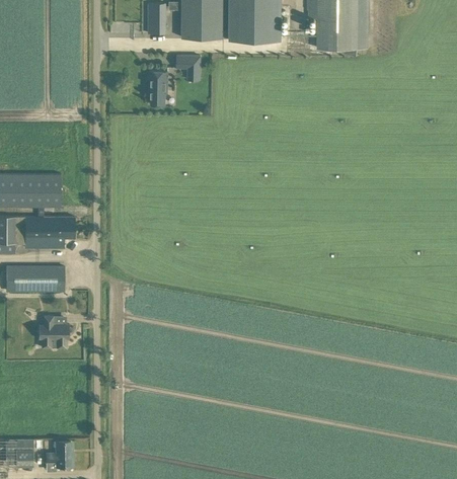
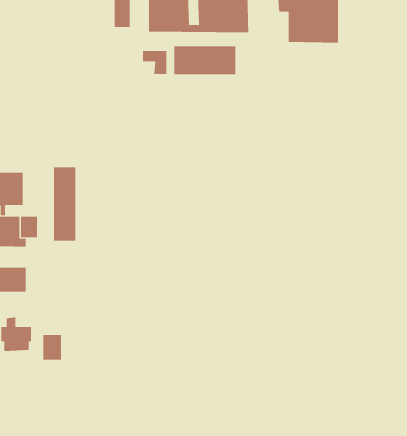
building: none -> [174,45,236,75]
building: [148,71,167,105] -> none
building: none -> [54,167,76,241]
building: none -> [43,334,61,361]

